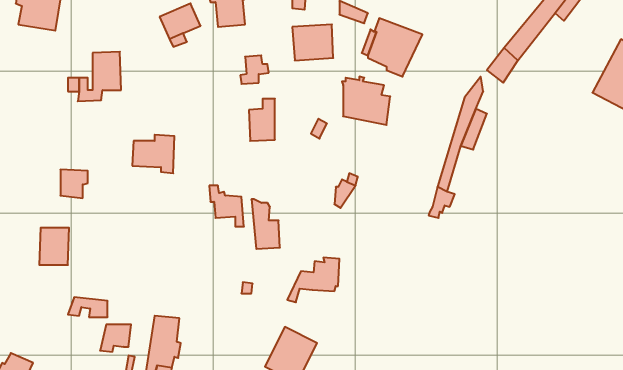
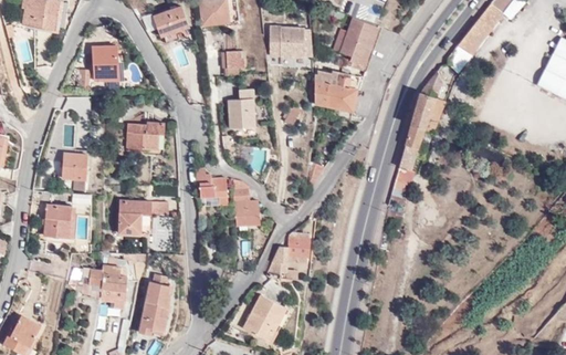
building: none -> [116,202,167,237]
building: none -> [103,265,126,291]

